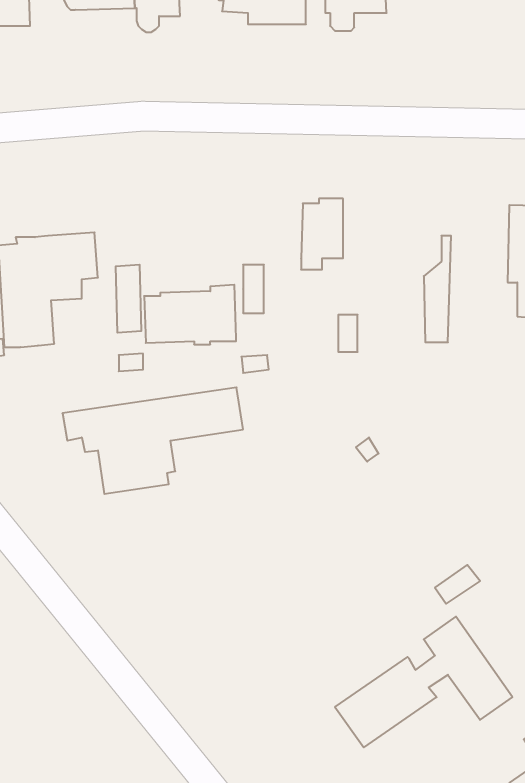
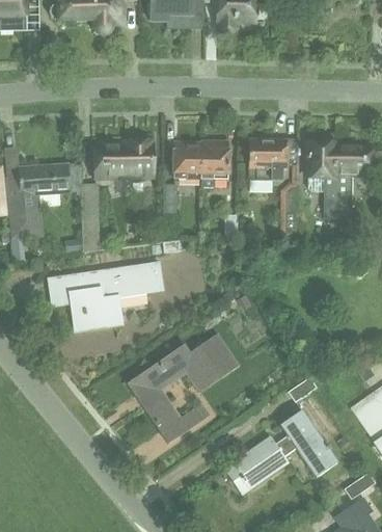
building: none -> [249,136,287,178]
building: none -> [307,138,340,215]
building: none -> [174,142,202,178]
building: [144,285,236,344] -> [94,138,154,177]
building: none -> [127,331,240,442]

